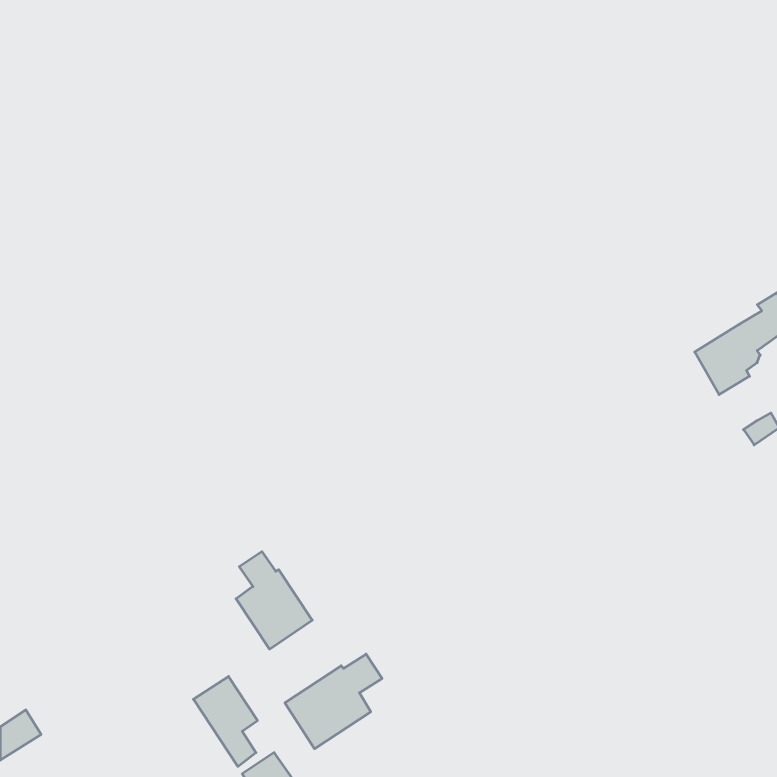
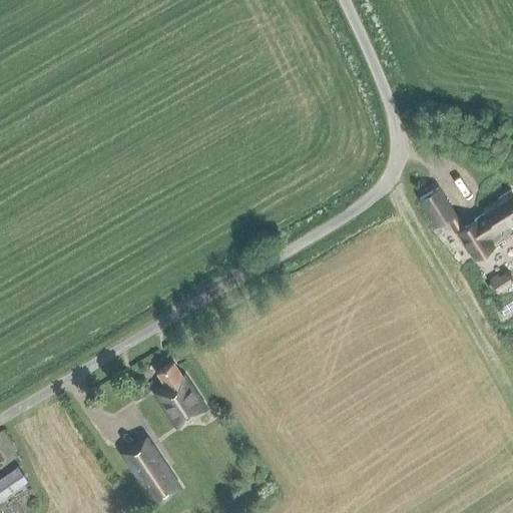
building: none -> [420,188,456,226]
building: [285,654,382,749] -> none

